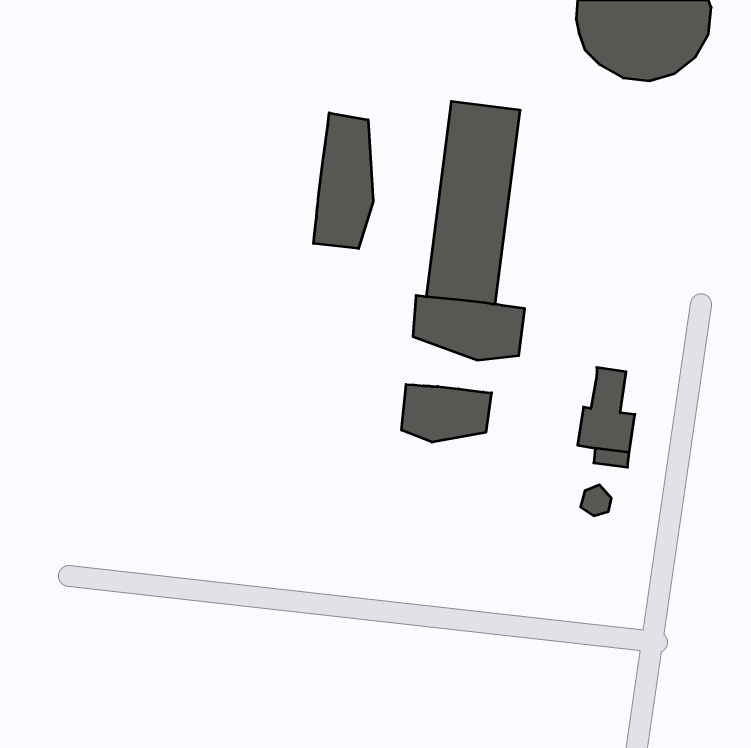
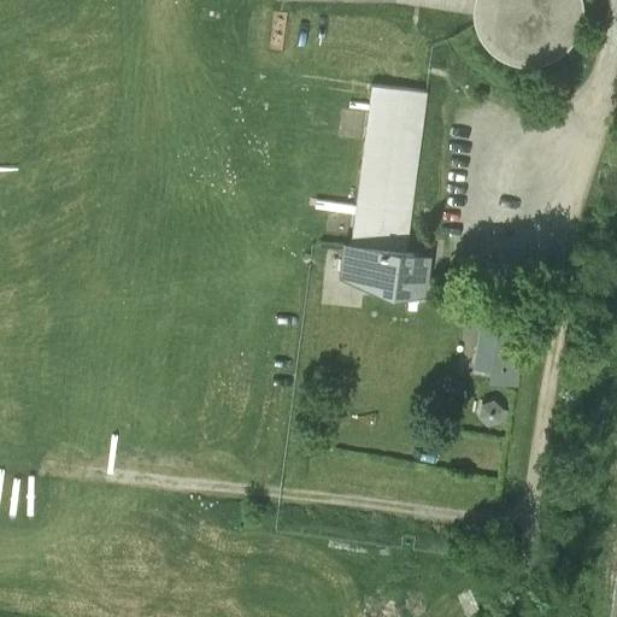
building: [314,113,373,249] -> none
building: [402,384,492,442] -> none

